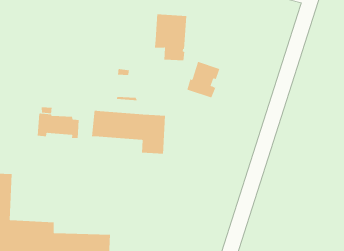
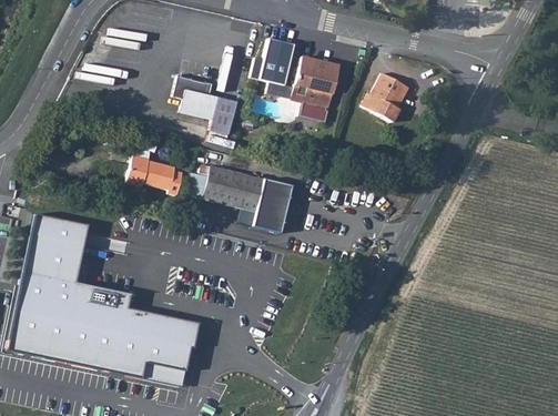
building: none -> [260,40,294,87]
building: none -> [173,74,236,134]
building: [186,61,220,98] -> [363,72,409,121]

